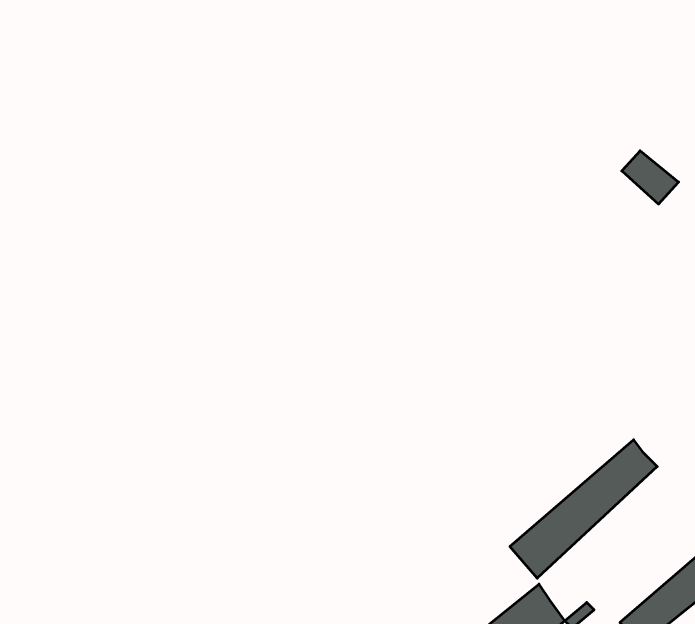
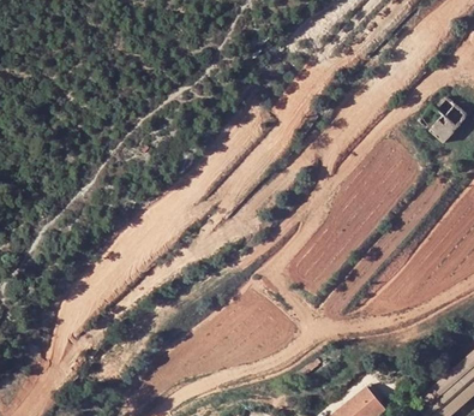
building: [510,440,657,578] -> none

